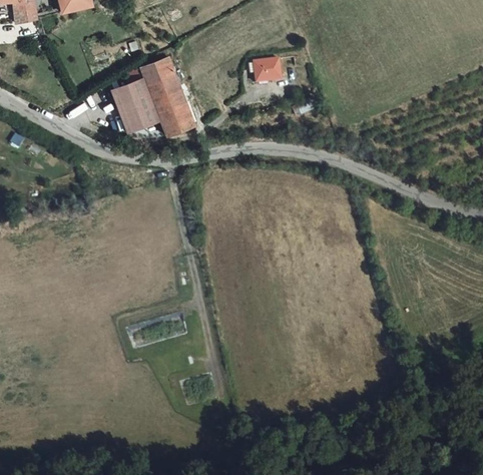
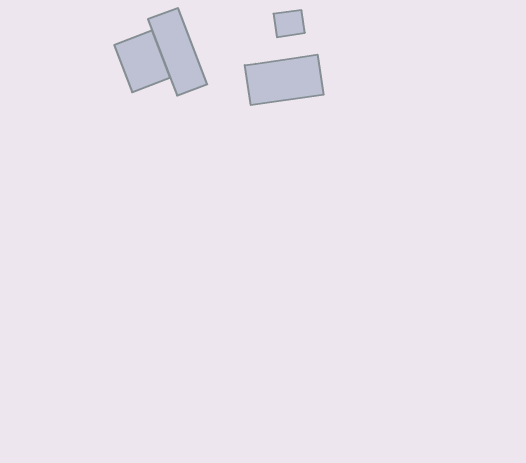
building: none -> [245,55,324,105]

